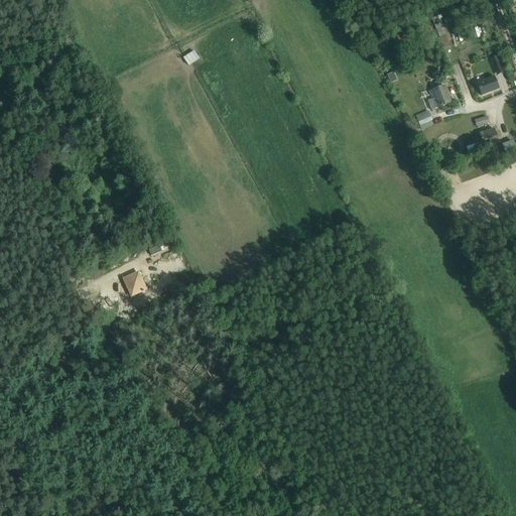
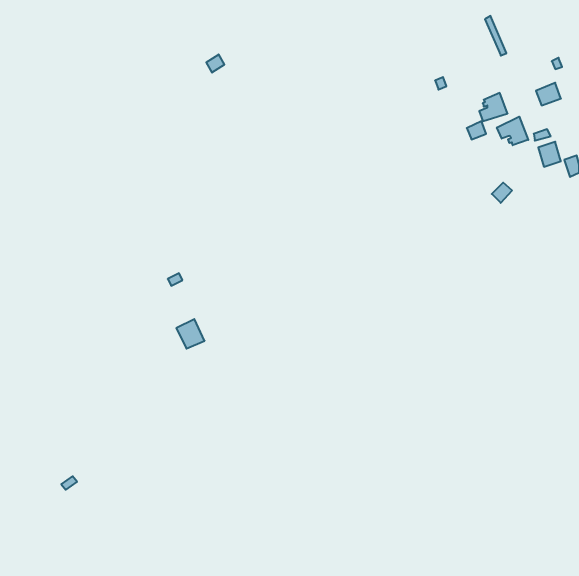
building: none -> [497,117,528,145]
building: [122,269,147,295] -> [176,319,205,349]

